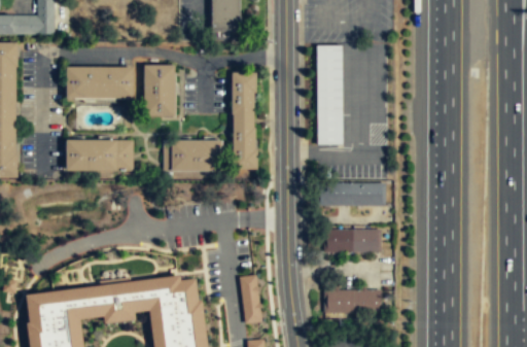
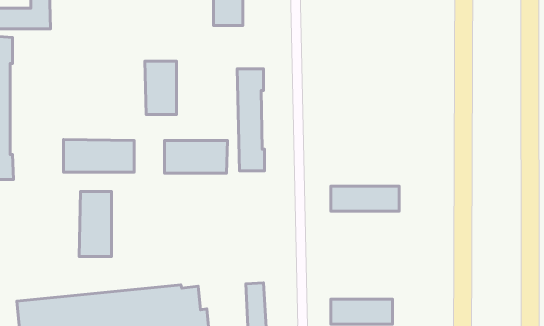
building: [318,45,343,144] -> none
building: [67,67,134,98] -> none
building: none -> [79,192,112,256]
building: [326,230,381,253] -> none

